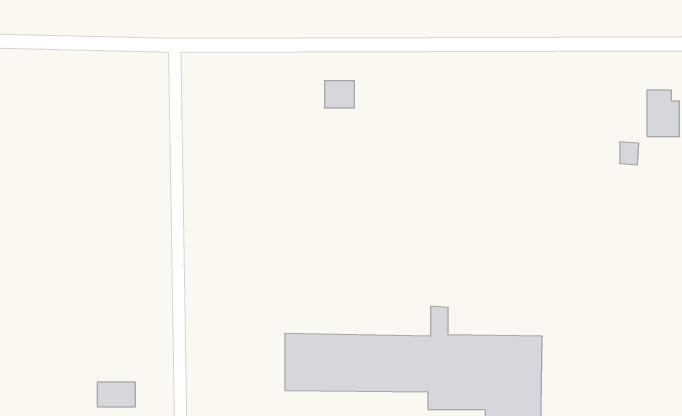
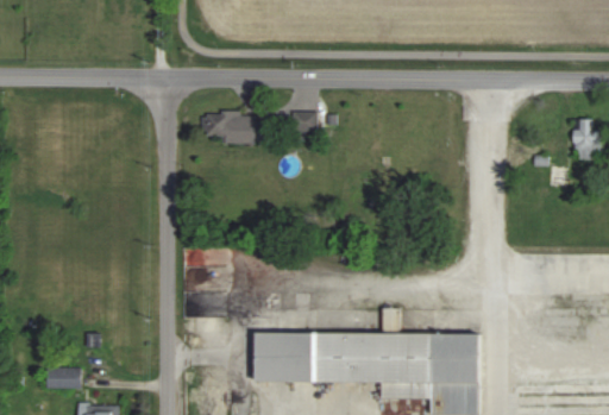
building: none -> [200,112,275,142]
building: [97,382,135,407] -> [45,367,79,389]

